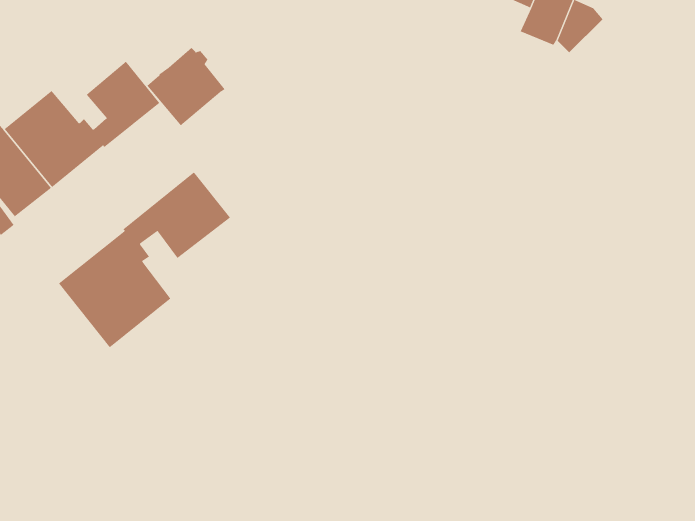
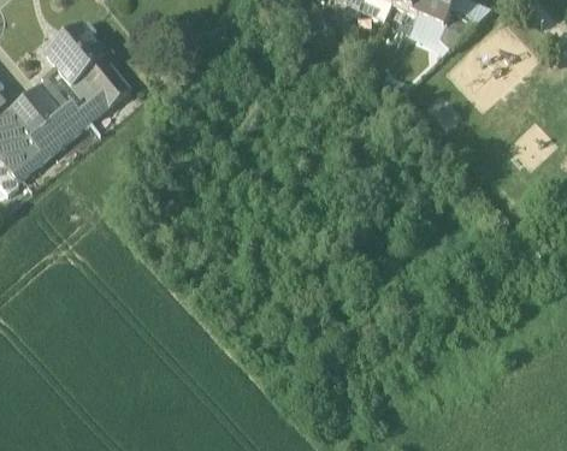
building: [147,47,226,126] -> [49,17,111,78]
building: [58,171,231,348] -> none

